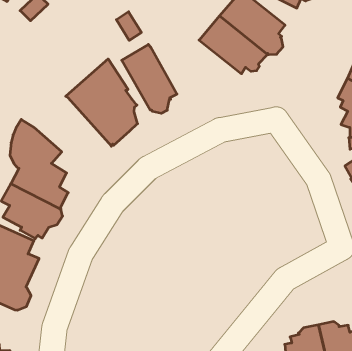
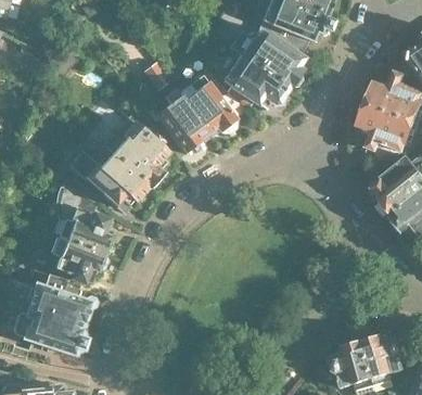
building: none -> [176,71,246,137]
building: none -> [69,148,148,206]

